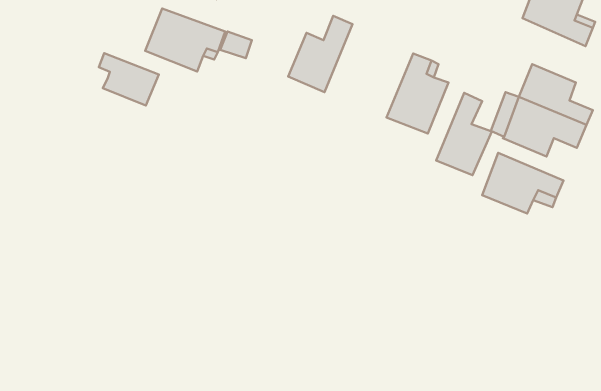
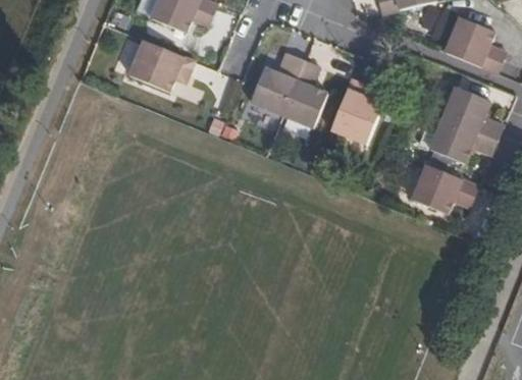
building: [99,53,159,105] -> none
building: [436,93,492,175] -> [278,54,325,123]

